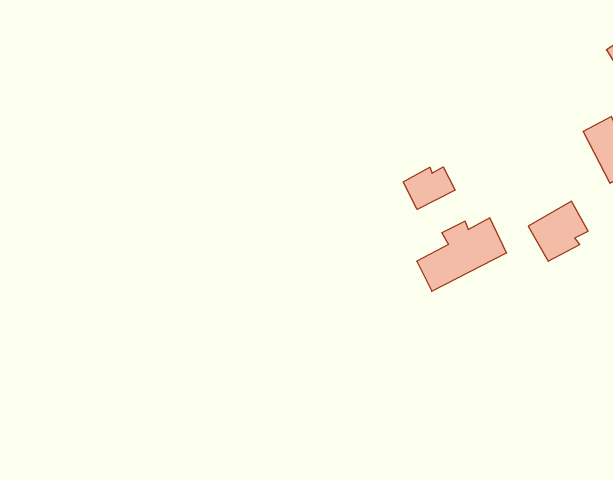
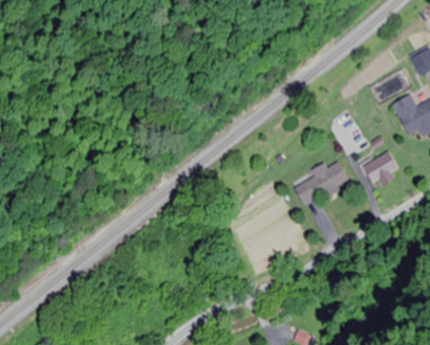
building: [403,167,455,209] -> none

